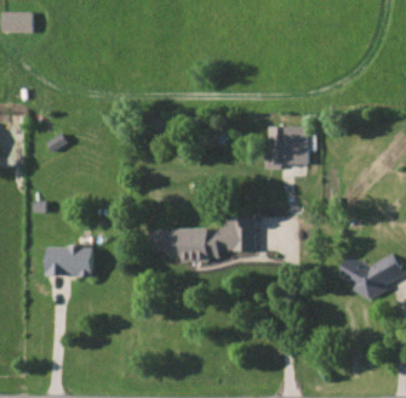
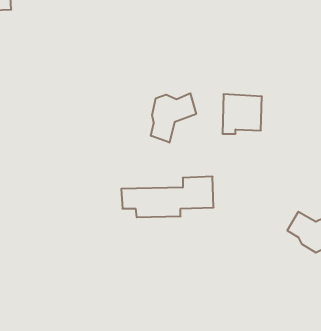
building: none -> [151,93,196,143]
building: [47,246,93,277] -> none

